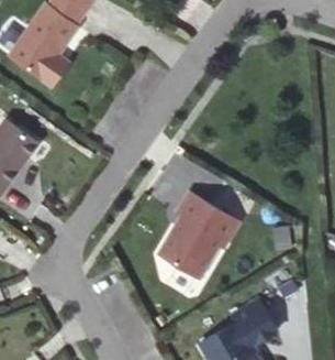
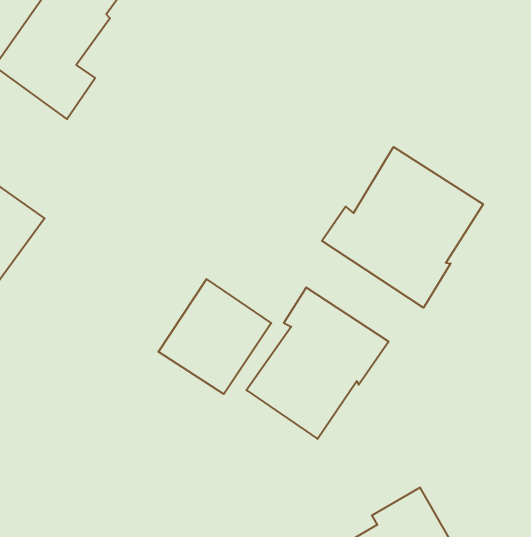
building: none -> [322,147,483,308]
building: none -> [158,279,271,394]

